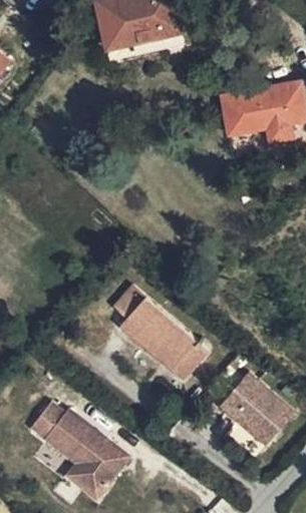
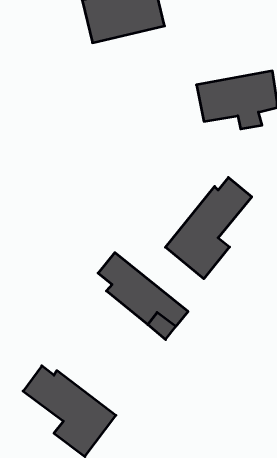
building: none -> [165,177,252,279]
building: [221,371,297,446] -> none

